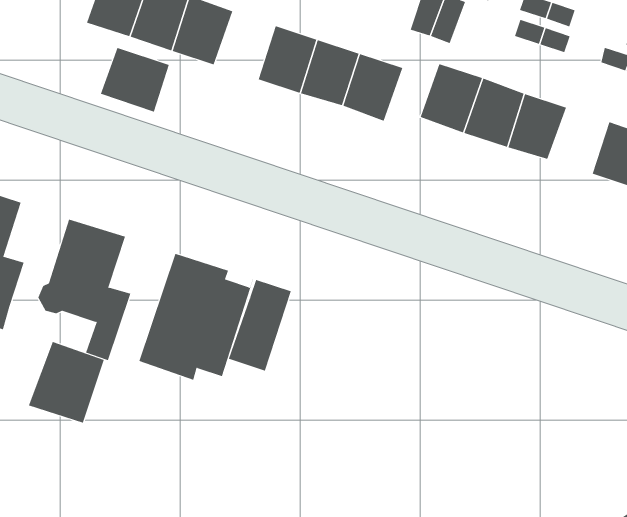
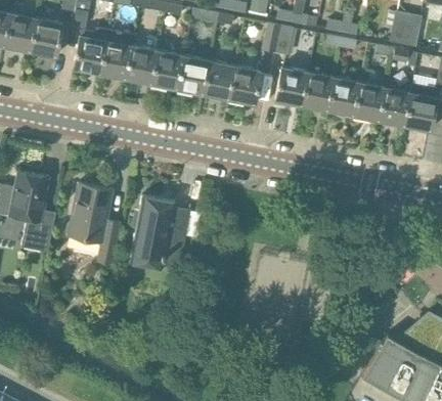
building: none -> [151,51,184,89]
building: [100,47,170,112] -> none
building: none -> [353,83,386,120]
building: [228,279,291,371] -> none
building: [28,341,104,423] -> none

